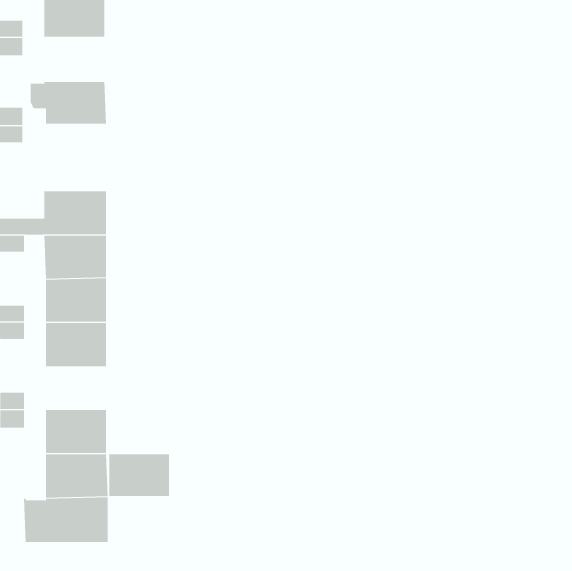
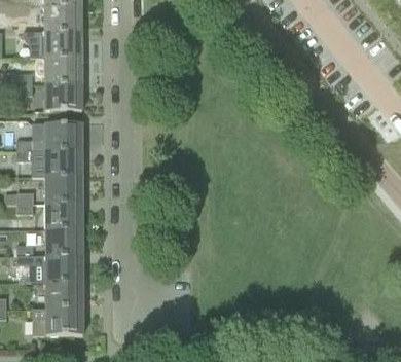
building: none -> [44,30,81,57]
building: none -> [45,82,82,110]
building: [108,454,170,497] -> [45,228,82,254]

